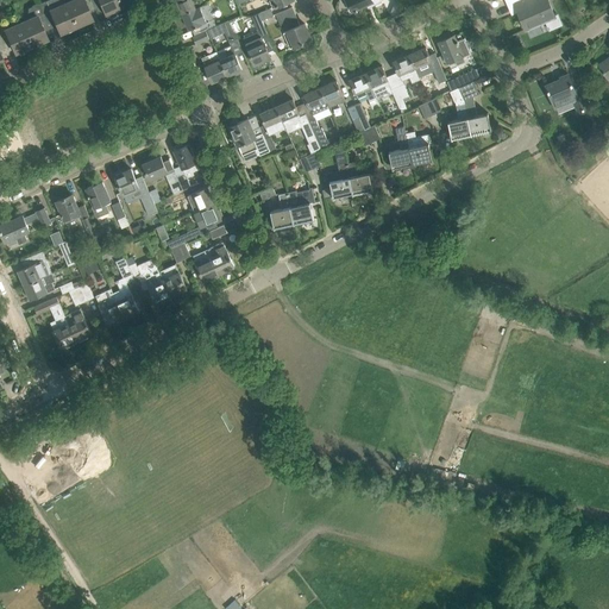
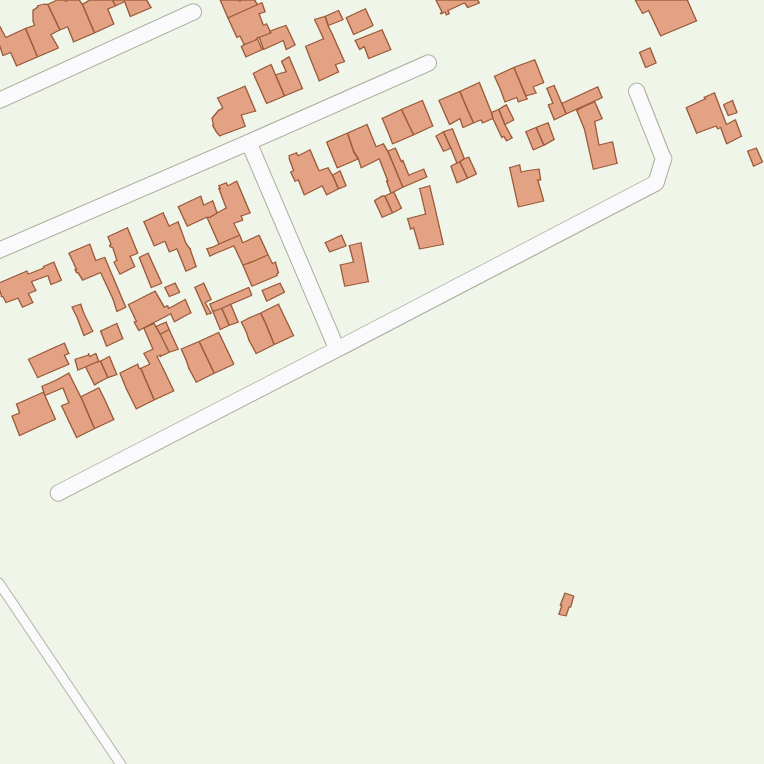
building: [438,36,470,67] -> none
building: none -> [212,86,256,136]
building: [447,103,471,140] -> none
building: [388,127,412,170] -> none
building: [345,162,372,195] -> none
building: [287,189,314,225] -> none
building: none -> [128,291,191,331]
building: [17,252,51,287] -> [12,392,55,436]

